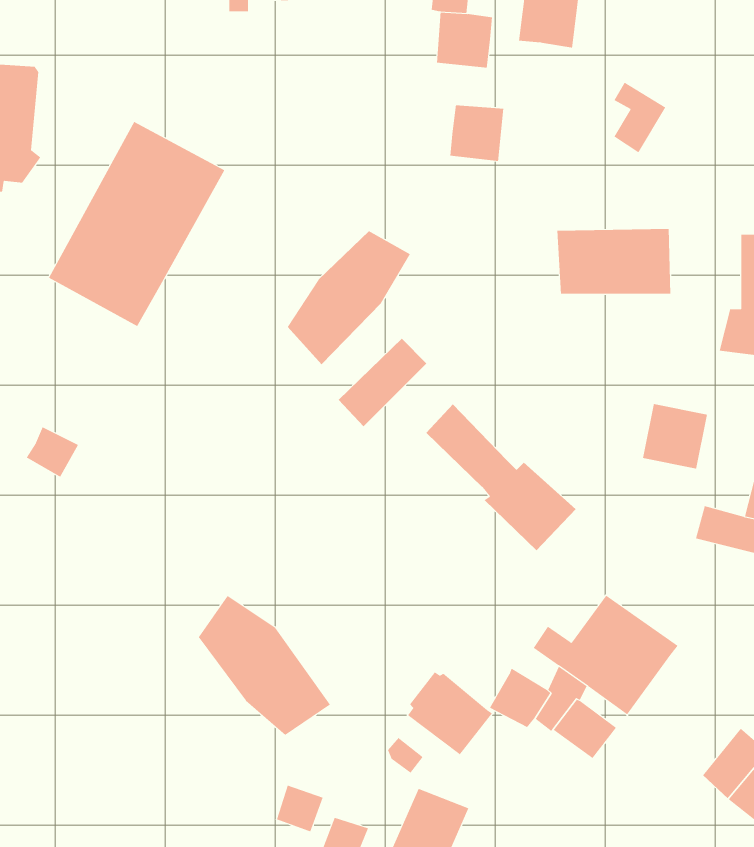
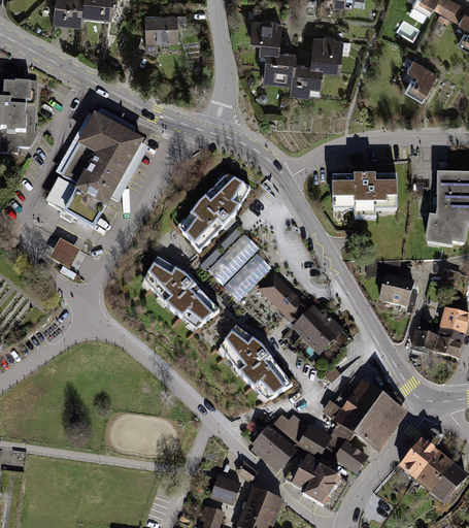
building: [613,82,666,153] -> [409,57,439,97]
building: [450,105,504,161] -> [293,64,324,96]
building: none -> [224,251,272,299]
building: none -> [137,257,217,331]
building: [26,427,79,478] -> [54,240,83,269]
building: [198,595,331,735] -> [216,326,292,405]
building: none -> [269,410,306,443]
building: none -> [400,441,437,481]
building: none -> [286,454,349,508]
building: [276,785,323,832] -> [213,475,240,502]

